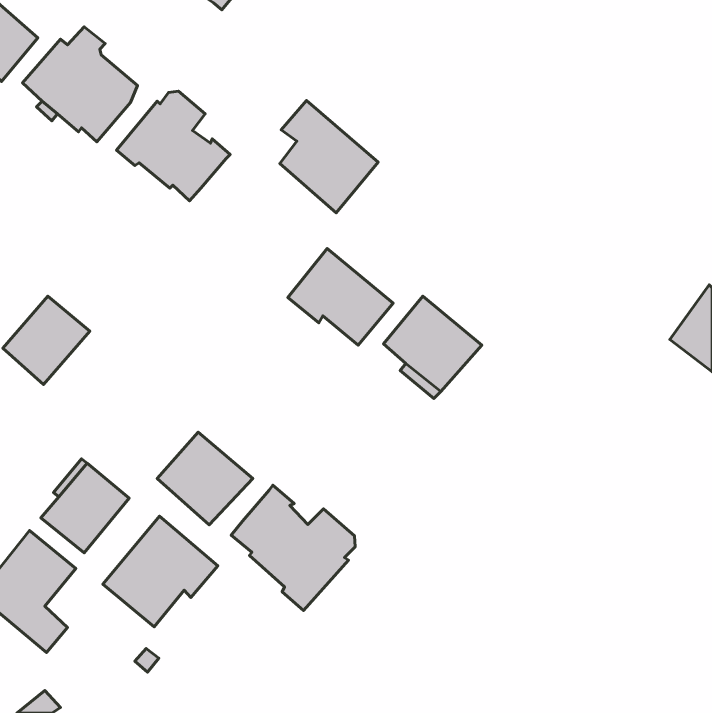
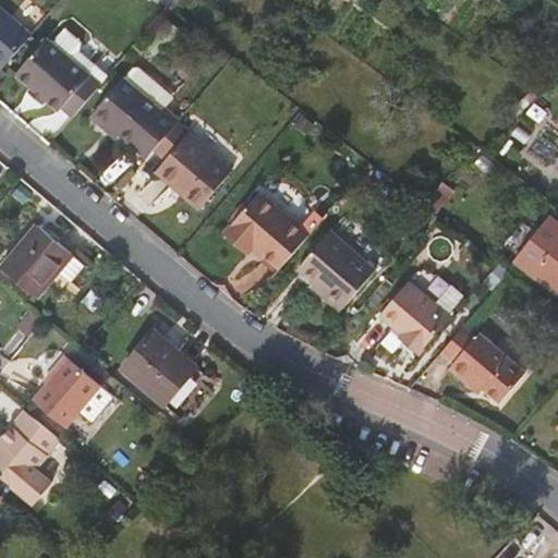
building: [280,100,378,213] -> [155,123,231,210]
building: none -> [383,275,452,345]
building: none -> [438,330,519,402]
building: [231,485,355,610] -> none
building: [103,516,218,627] -> none

